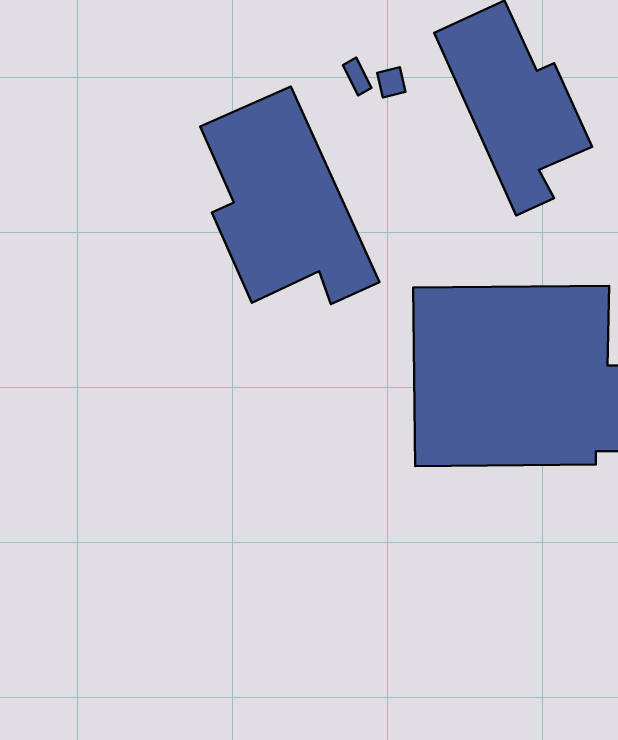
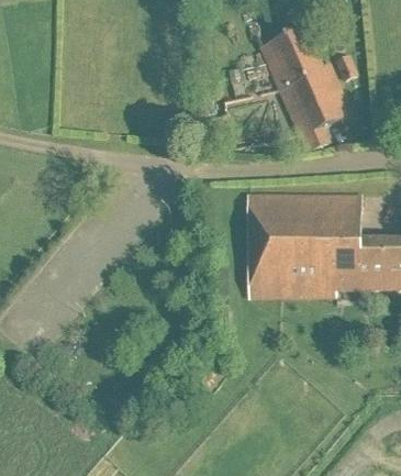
building: [200,86,380,304] -> none

